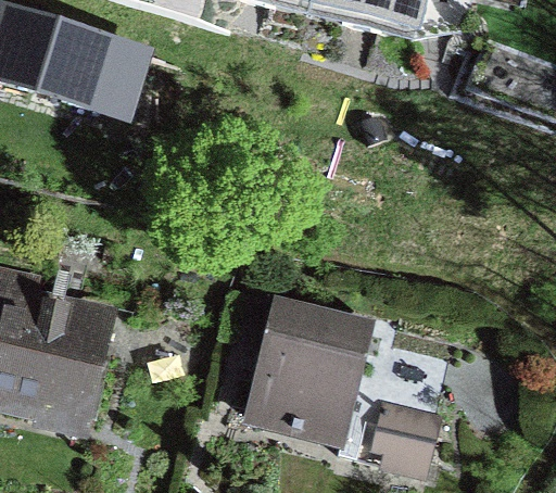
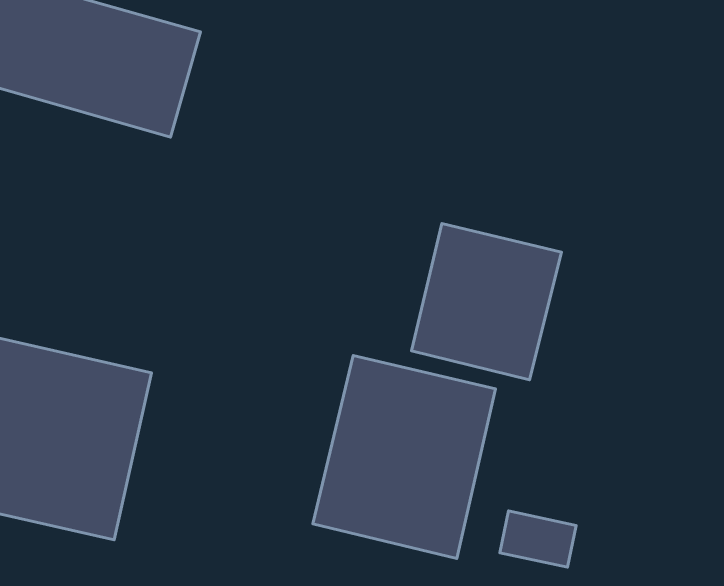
building: none -> [411,223,562,380]

